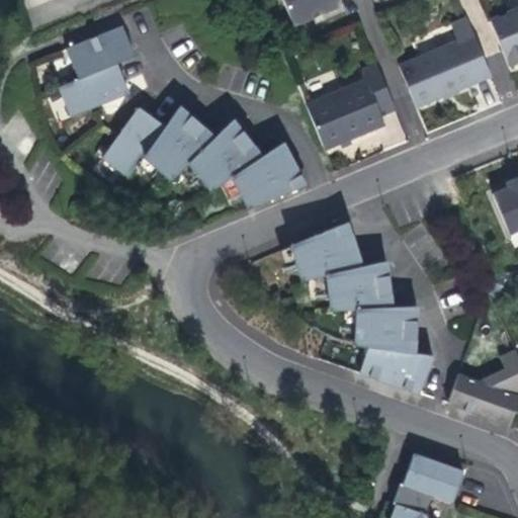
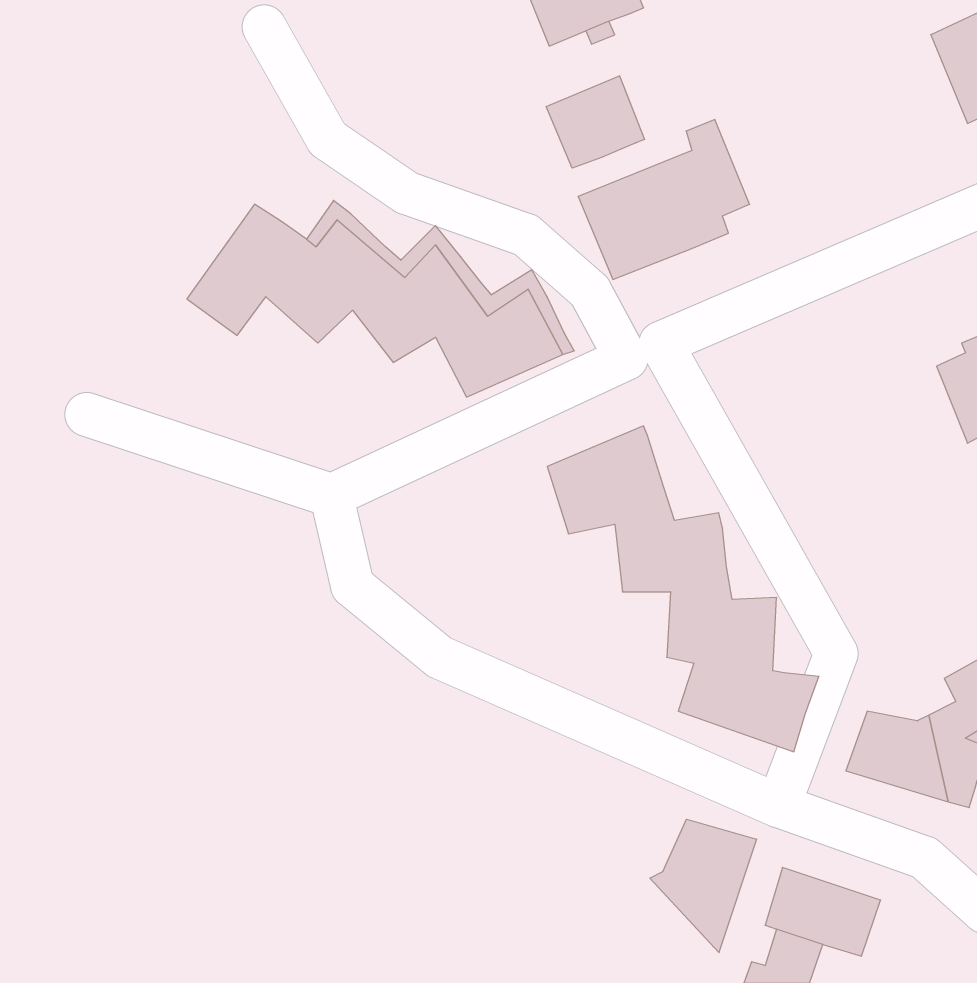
building: [402,19,494,105] -> none
building: [59,25,135,116] -> none
building: none -> [546,76,645,168]
building: [356,261,418,353] -> none
building: none -> [650,819,757,953]

